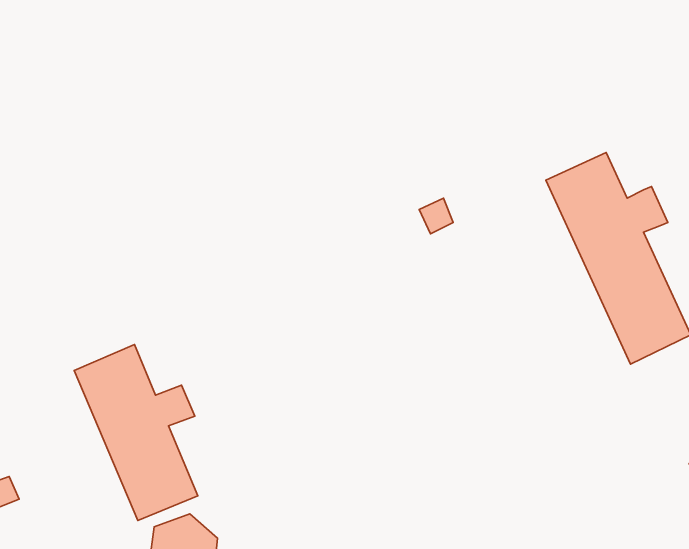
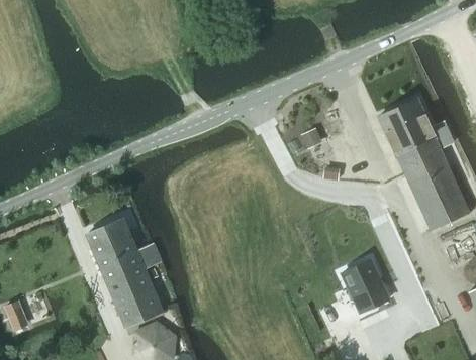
building: none -> [342,259,388,312]

